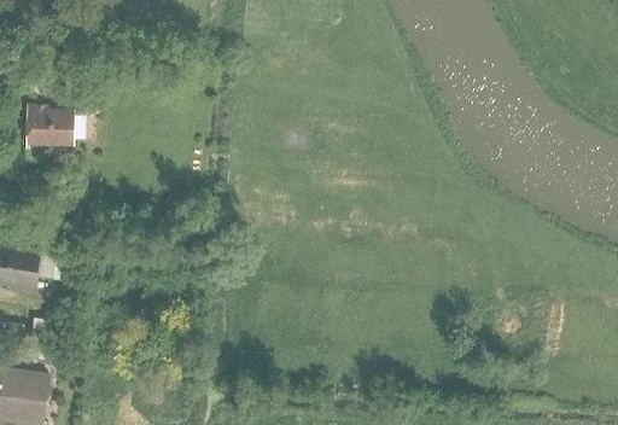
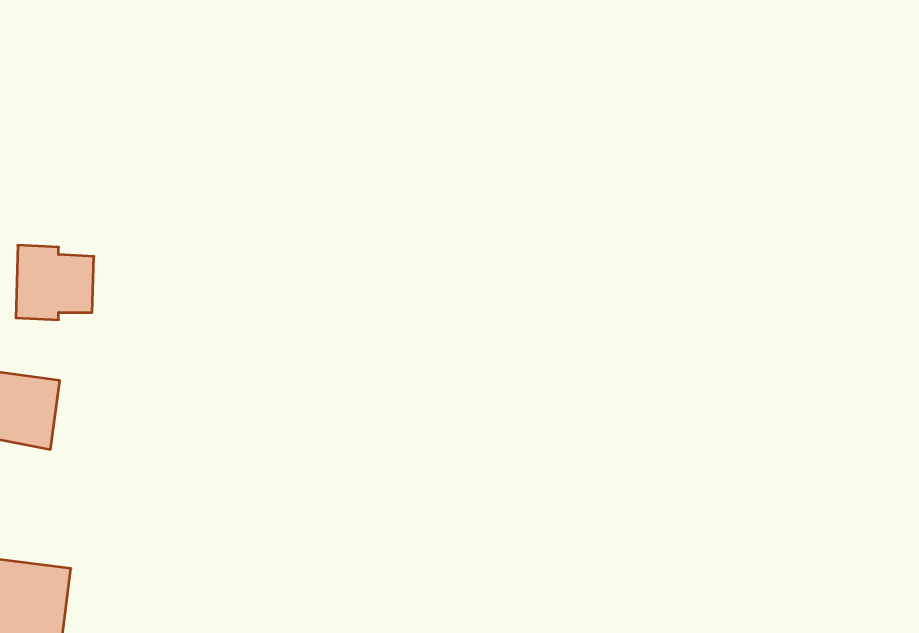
building: [22,104,72,152] -> [16,245,94,320]

